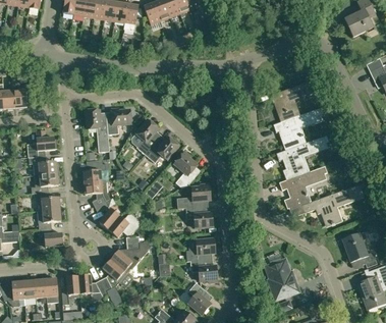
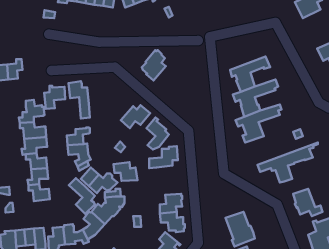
building: [106,108,130,134] -> [44,86,65,109]
building: [131,119,159,154] -> [142,50,166,81]
building: [279,166,327,210] -> none
building: [185,206,213,227] -> [113,162,137,181]
building: none -> [69,178,95,214]

